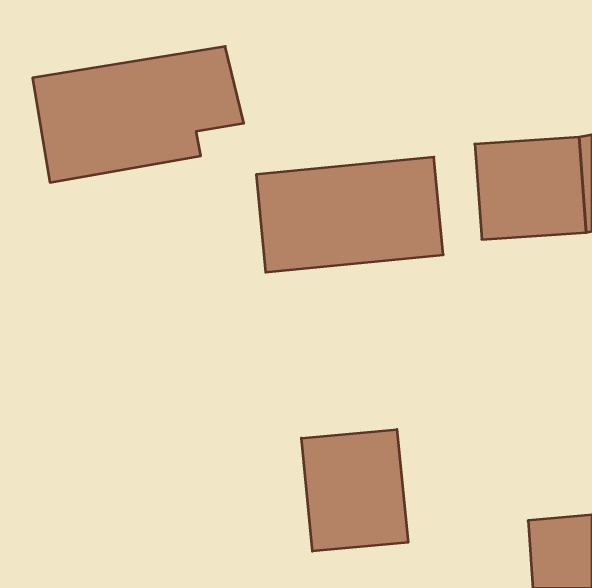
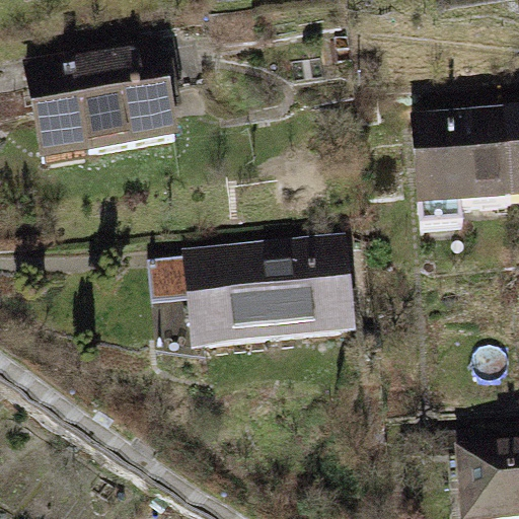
building: [256,157,443,272] -> [189,243,352,344]
building: [301,429,408,551] -> none

